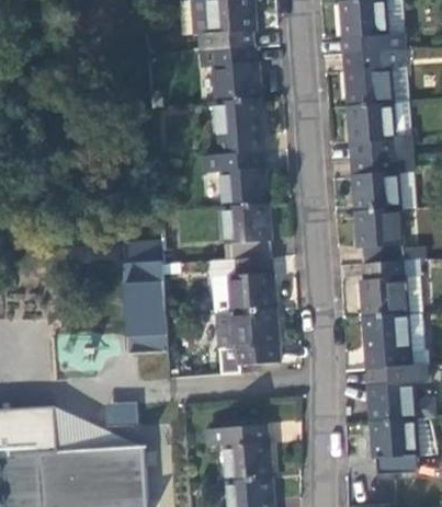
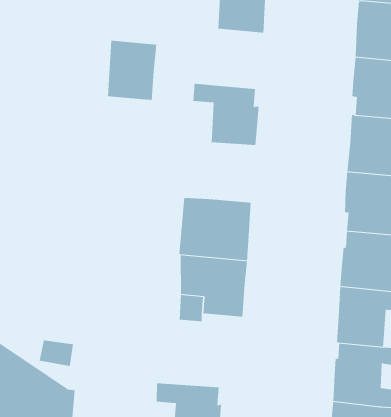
building: [217,95,263,149] -> [107,40,157,101]
building: [226,198,271,253] -> none
building: [122,239,167,353] -> none

